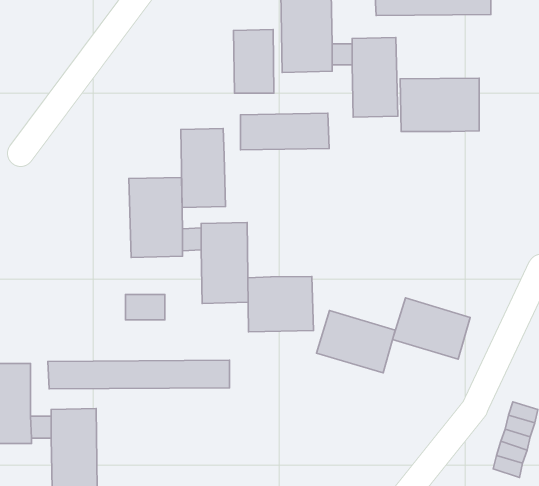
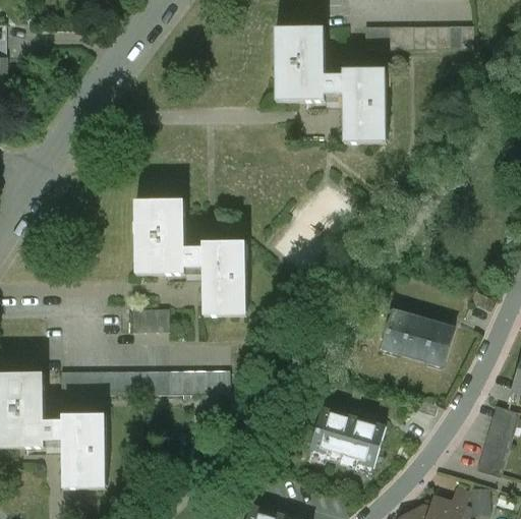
building: [233,29,274,93] -> none
building: [400,78,479,132] -> none
building: [241,113,329,150] -> none
building: [181,129,225,207] -> none
building: [248,277,314,332] -> none
building: [316,310,395,373] -> [309,410,383,468]

